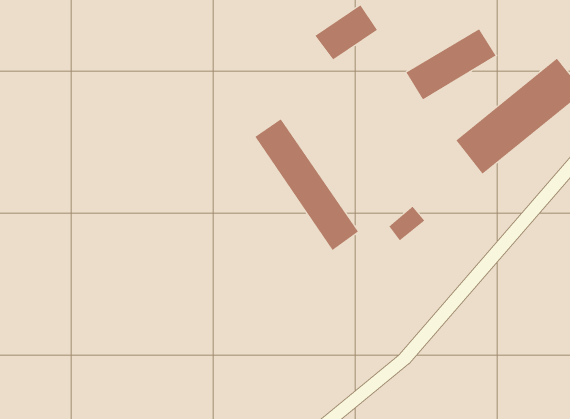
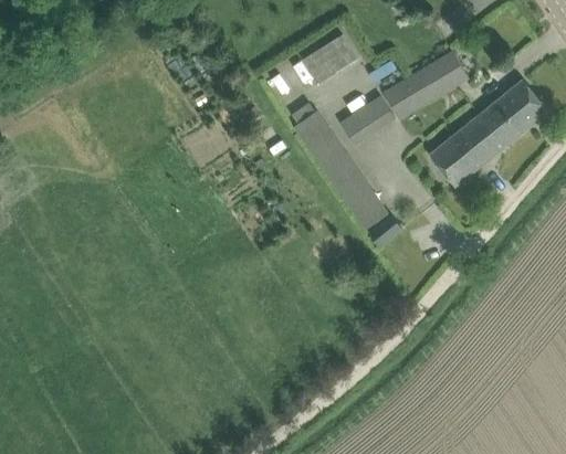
building: none -> [337,92,395,142]
building: [254,119,359,251] -> [293,109,388,230]

